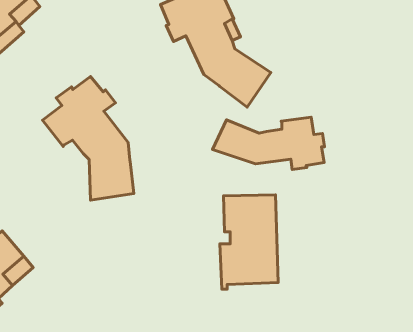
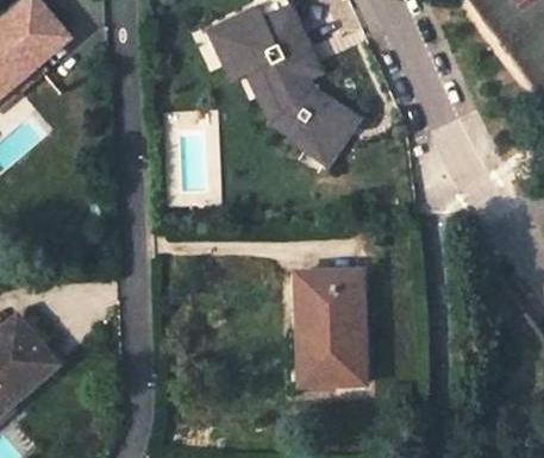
building: [43,76,134,200] -> none
building: [213,117,324,169] -> none

